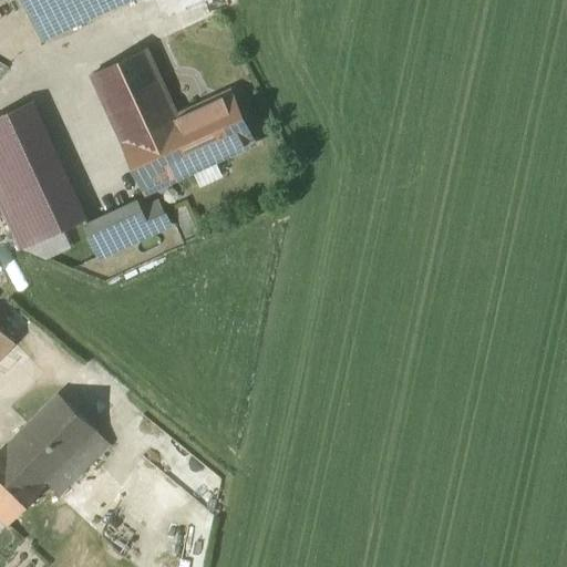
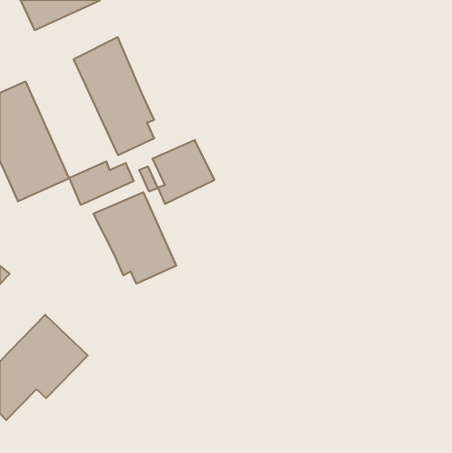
building: [177,93,255,173] -> [152,140,214,204]
building: none -> [94,192,176,284]

